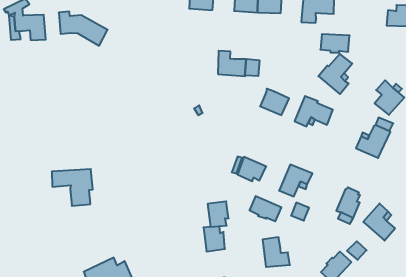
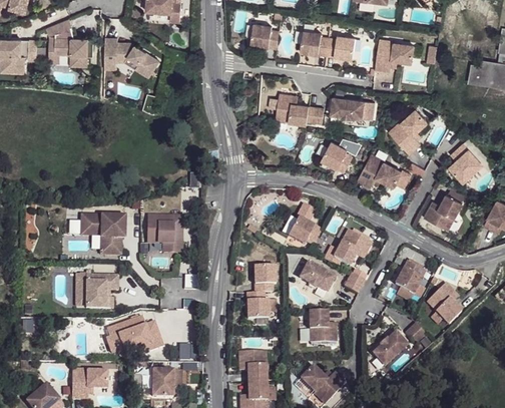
building: [320,34,350,52] -> [332,97,366,119]
building: none -> [146,215,180,251]
building: none -> [83,270,116,307]

